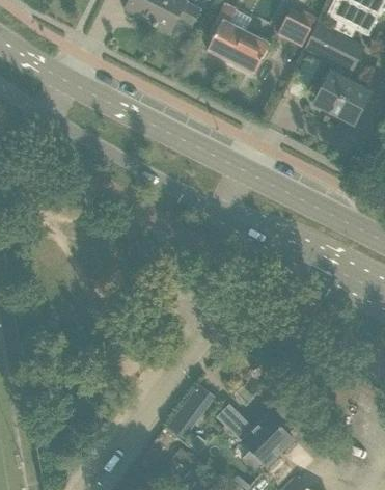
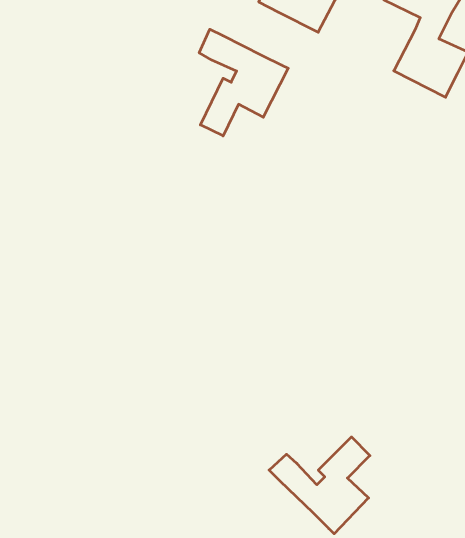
building: none -> [199,29,288,136]
building: [168,384,214,435] -> none

